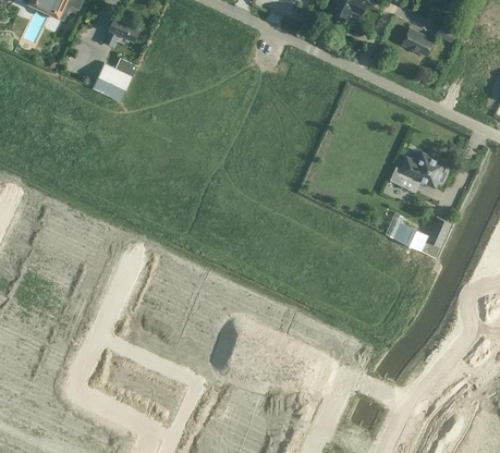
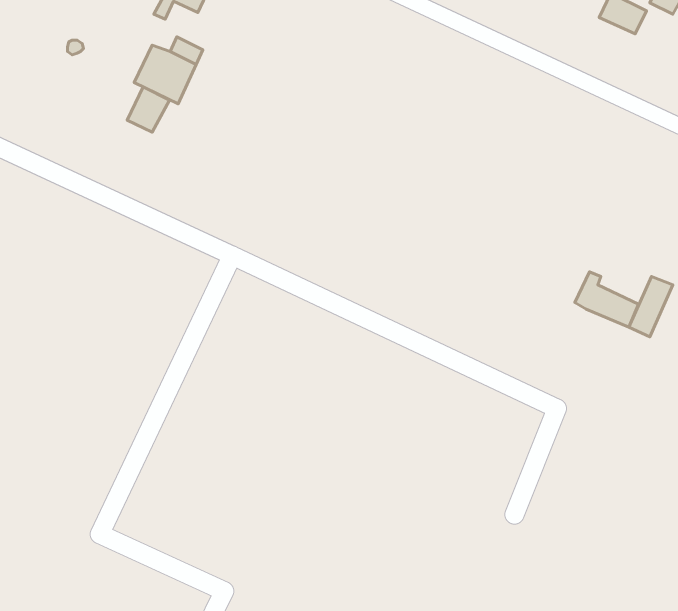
building: none -> [127,87,169,132]
building: [389,152,444,189] -> none

